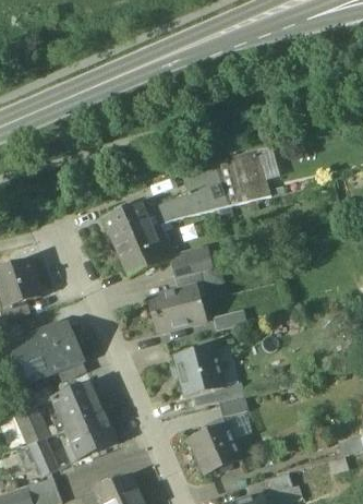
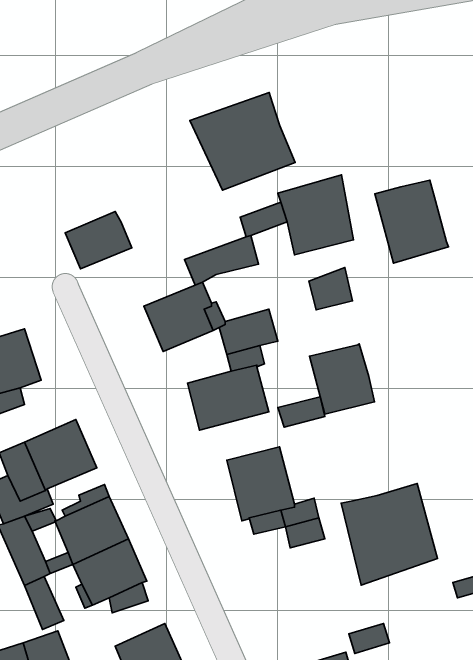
building: none -> [190,92,295,190]
building: none -> [375,180,449,263]
building: [193,182,225,213] -> [309,268,353,310]
building: [105,202,153,243] -> [65,212,132,269]
building: none -> [309,344,375,414]
building: none -> [341,483,437,585]
building: [189,424,241,476] -> none

